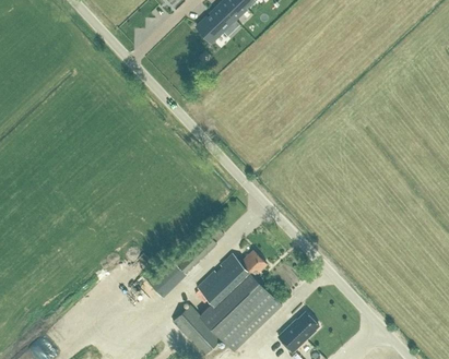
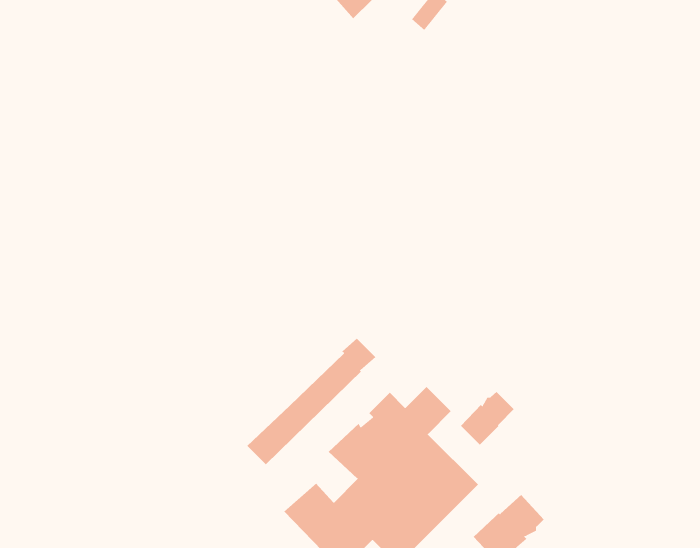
building: none -> [460,391,515,446]

